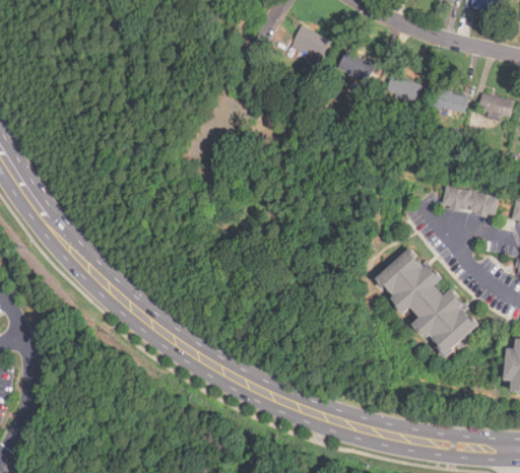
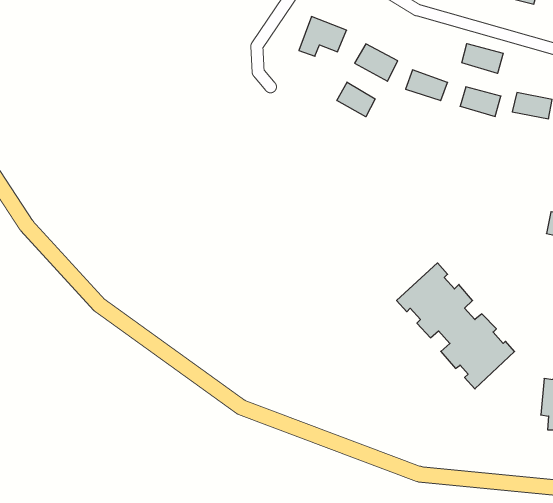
building: none -> [462,44,503,73]
building: none -> [337,82,375,117]
building: [441,185,499,218] -> none

